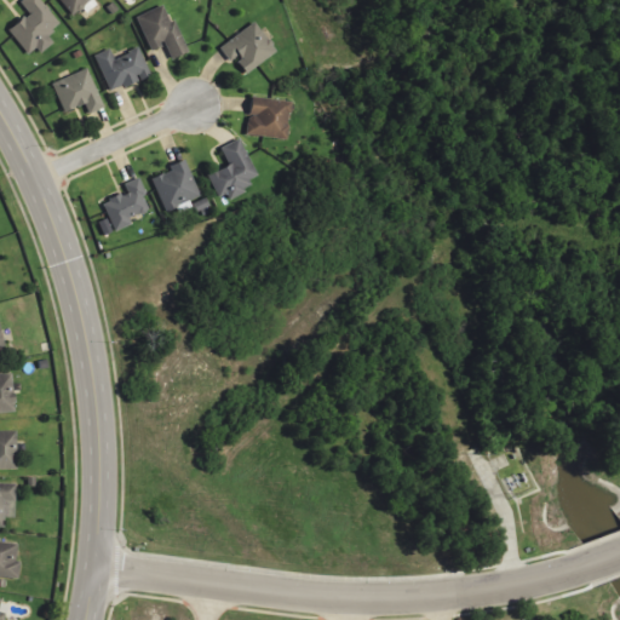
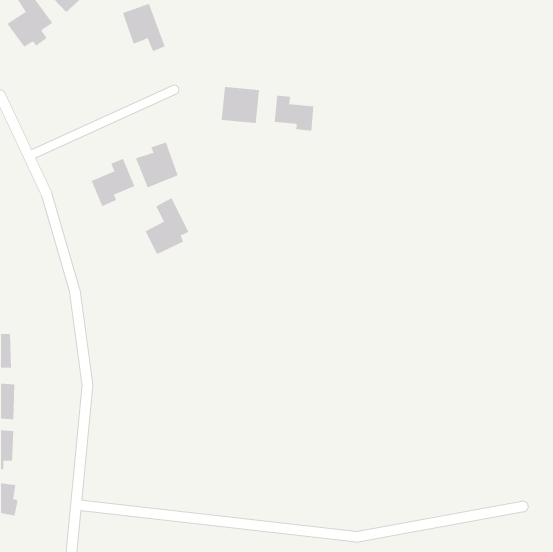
building: [219,21,276,74] -> none
building: [94,46,150,92] -> none
building: [52,68,103,113] -> none
building: none -> [274,95,314,131]
building: [208,137,258,201] -> [145,198,189,255]

